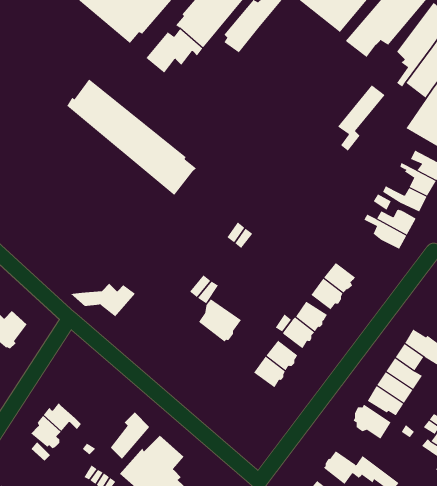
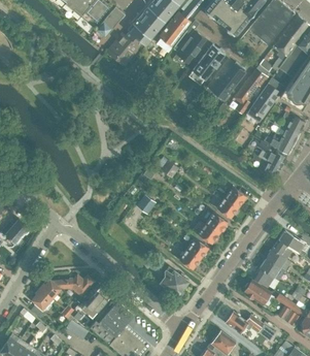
building: none -> [174,28,206,60]
building: none -> [193,43,226,79]
building: none -> [208,59,245,98]
building: [66,78,197,196] -> none
building: none -> [248,79,283,120]
building: [70,283,136,317] -> [53,273,96,296]
building: [198,298,242,342] -> [161,266,190,295]

